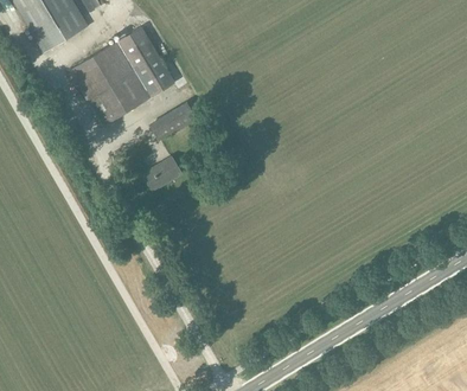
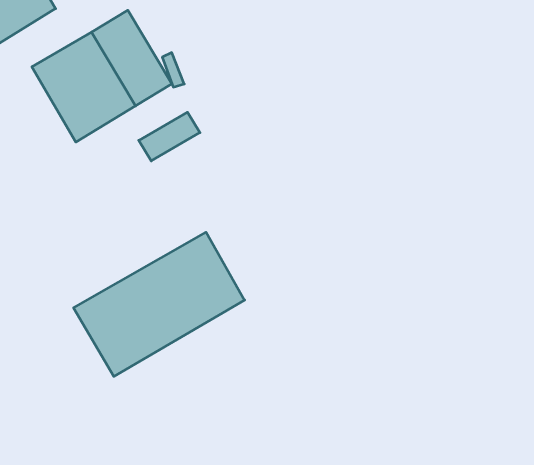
building: [145,155,183,188] -> none
building: none -> [74,232,245,376]

